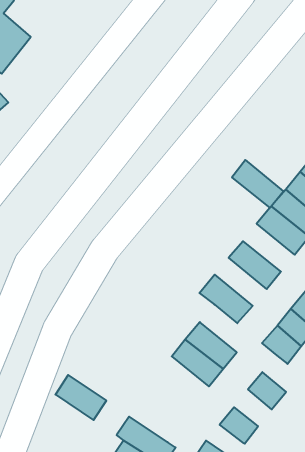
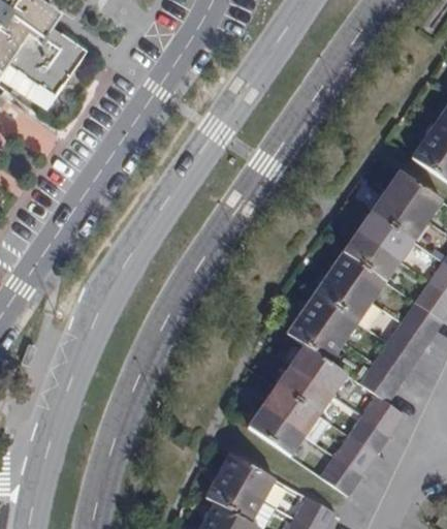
building: [232,160,283,208] -> [329,251,387,302]
building: none -> [301,291,359,342]
building: none -> [289,344,347,395]
building: none -> [362,395,404,434]
building: none -> [247,405,305,456]
building: [55,375,106,420] -> [220,453,277,500]
building: none -> [334,435,376,474]

